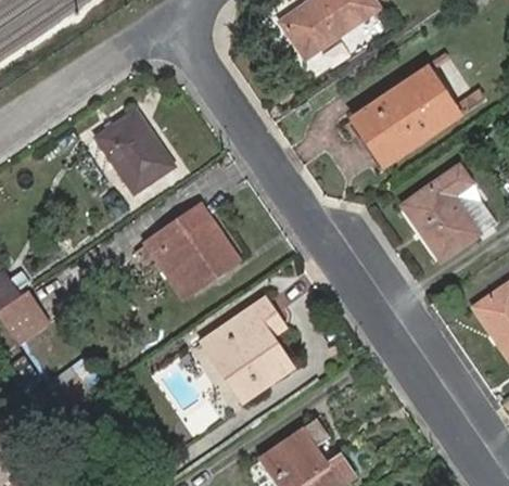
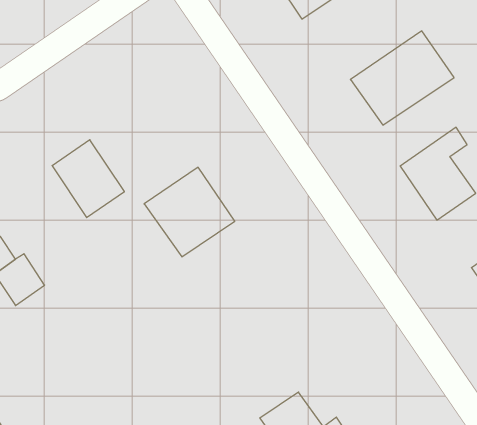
building: [98,113,170,191] -> [52,140,124,218]
building: [202,299,290,400] -> none

